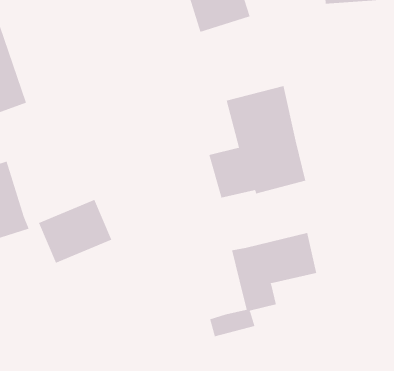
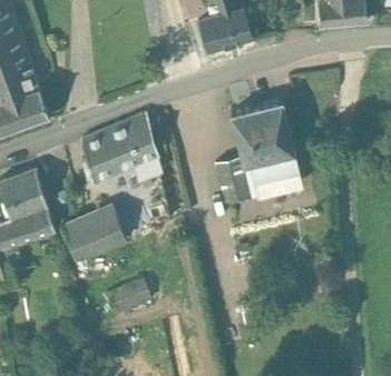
building: none -> [82,115,163,181]
building: [209,232,317,337] -> none
building: none -> [105,278,151,315]

